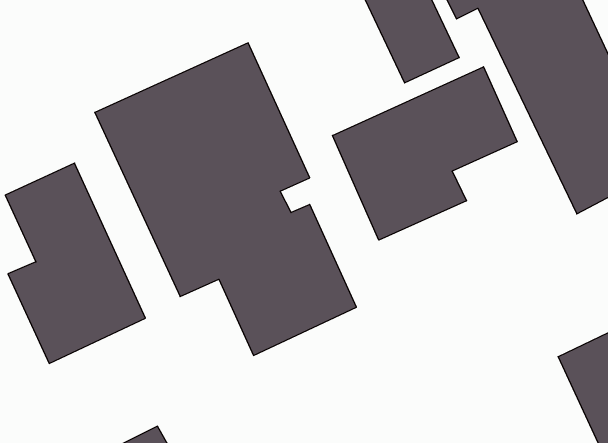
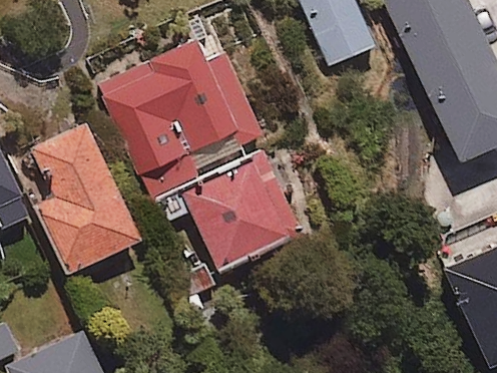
building: [333,67,517,240] -> none

